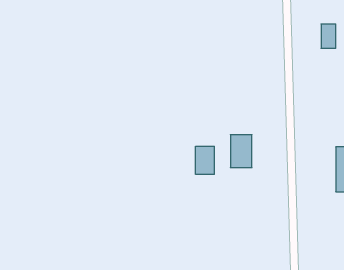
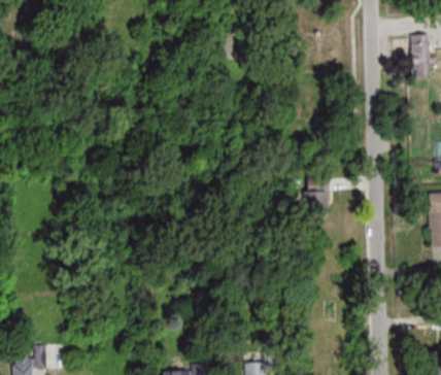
building: [196,146,214,174] -> none

